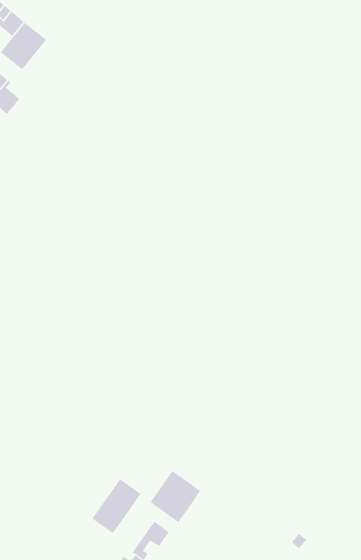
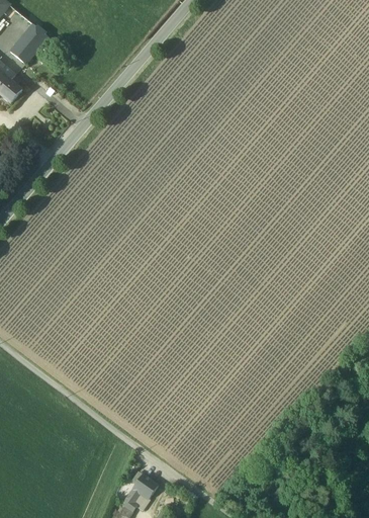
building: [150,470,201,523] -> none
building: [92,479,141,534] -> none

